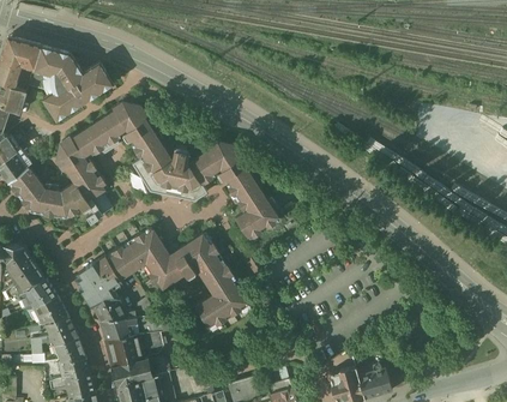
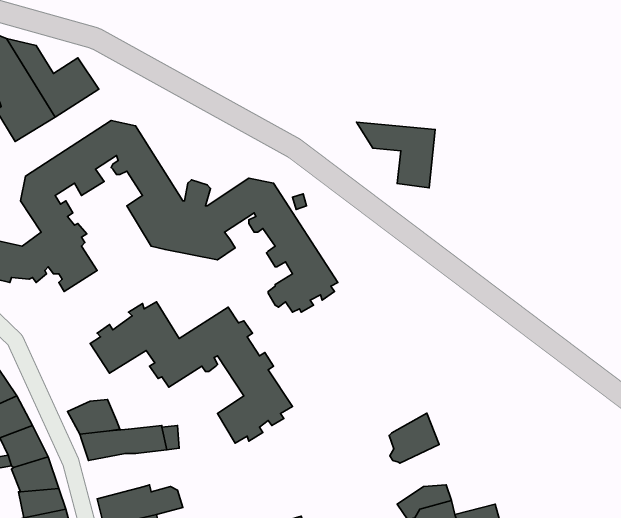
building: none -> [357,122,435,188]
building: [82,257,121,306] -> none
building: none -> [389,413,439,463]
building: [105,335,144,366] -> none

